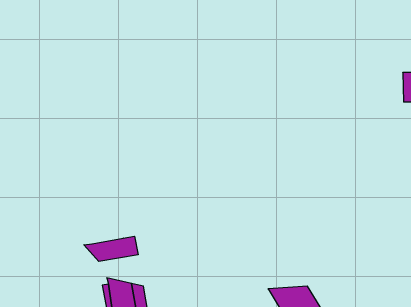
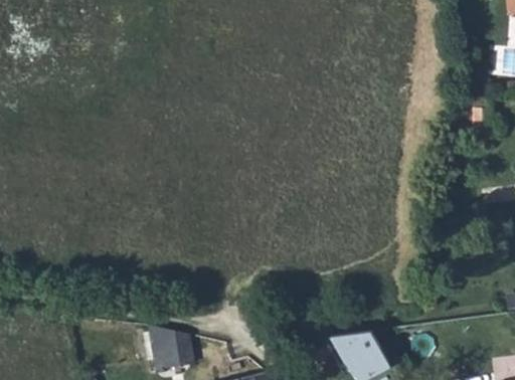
building: [84,236,138,261] -> none

